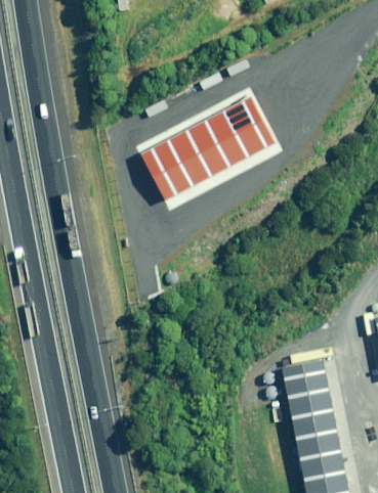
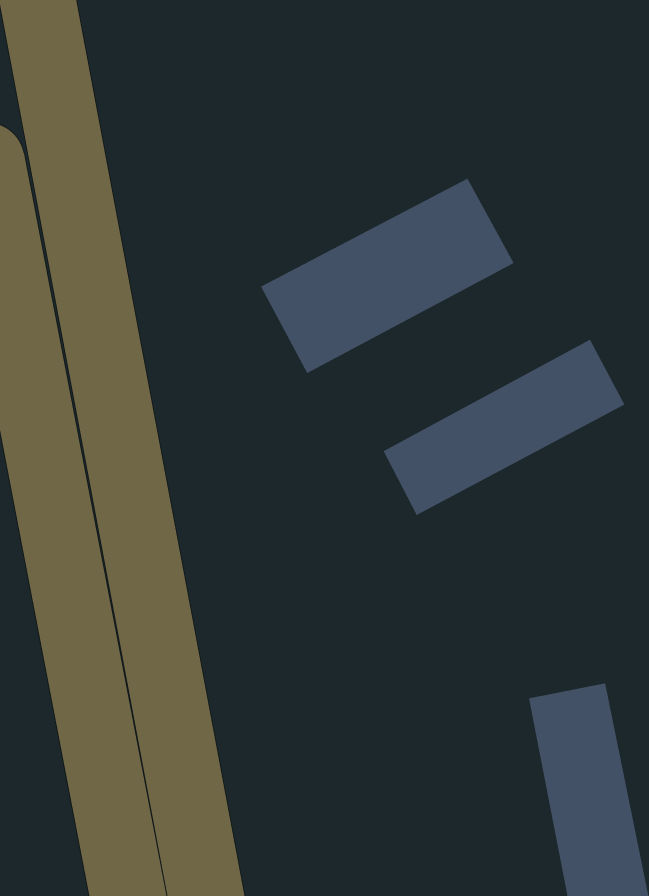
building: none -> [383,339,625,516]

